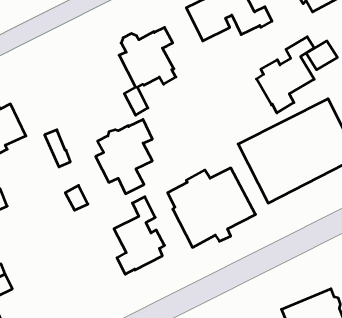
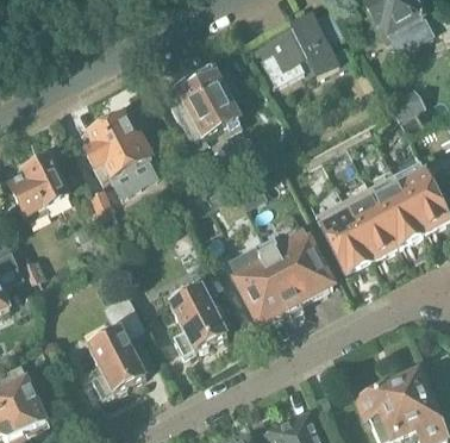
building: [256,37,314,113] -> none
building: [96,119,152,194] -> [86,110,151,195]
building: none -> [90,294,149,395]

